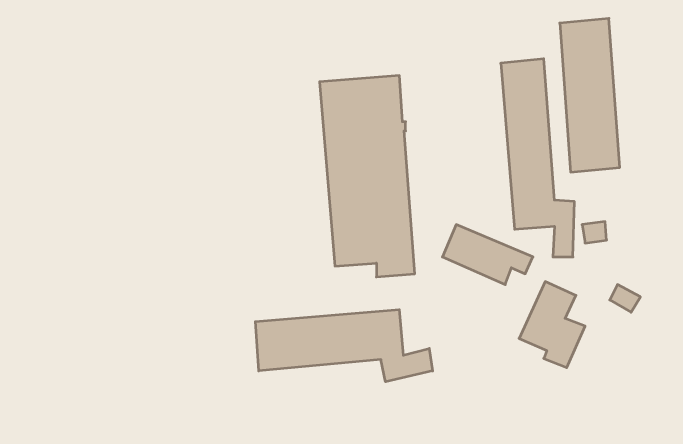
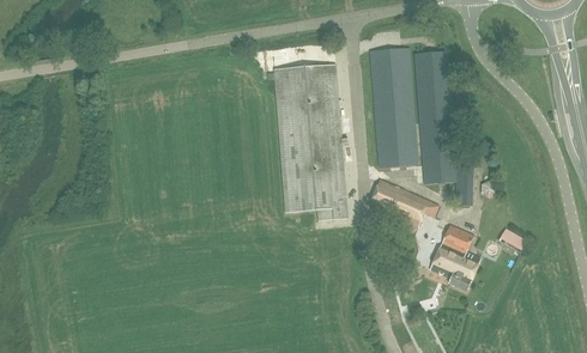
building: [560,18,620,172] -> [370,47,417,166]
building: [255,310,433,382] -> none

